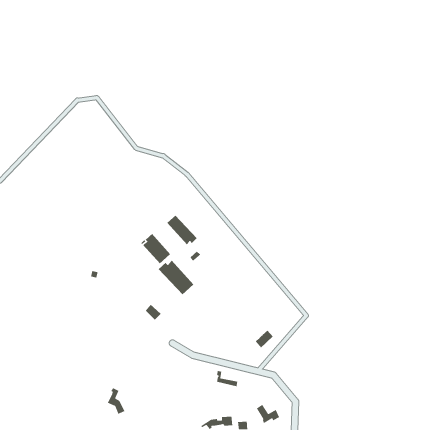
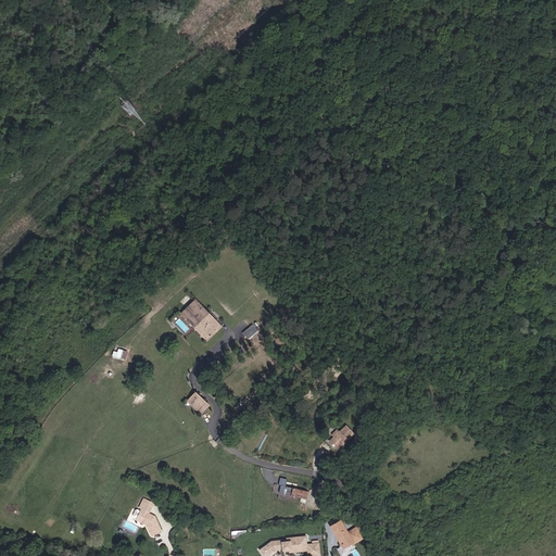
building: [166,215,198,245] -> none
building: [158,260,194,295] -> none

